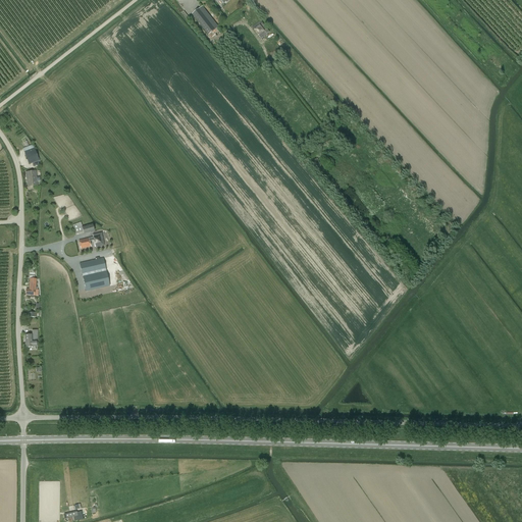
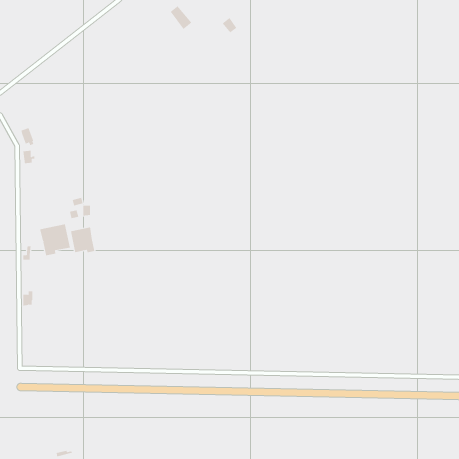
building: none -> [39,224,70,256]

